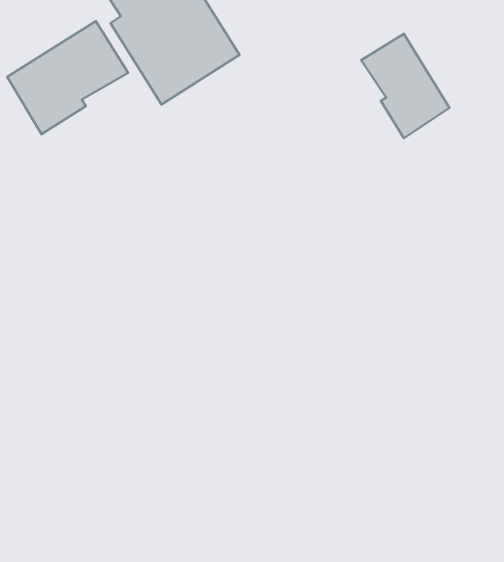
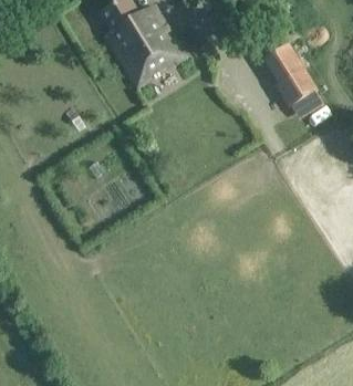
building: [7,21,128,134] -> none

